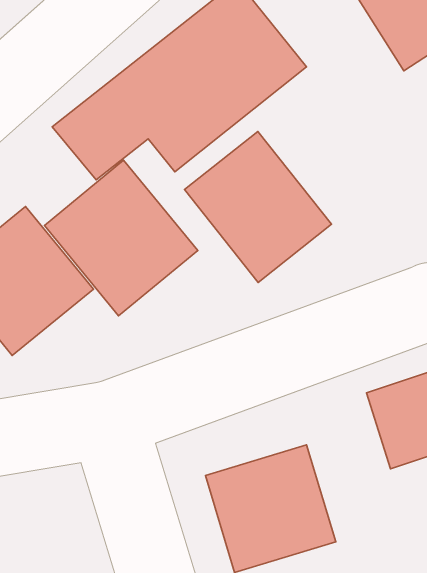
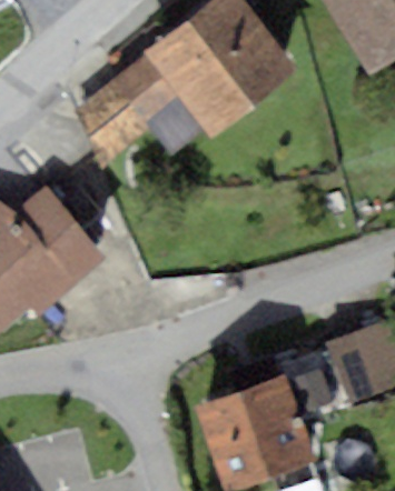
building: [185,131,331,282] -> none
building: [44,160,198,316] -> none

